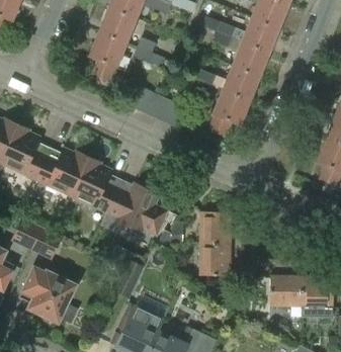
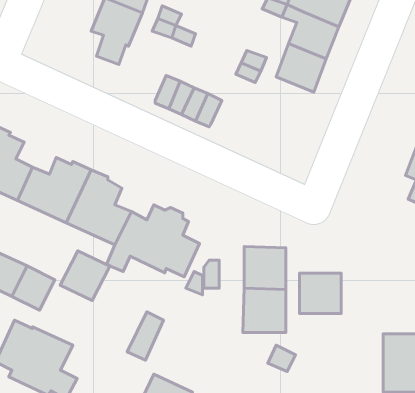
building: [209,90,251,137] -> none
building: none -> [60,251,110,300]
building: [271,277,302,306] -> [299,273,341,314]

